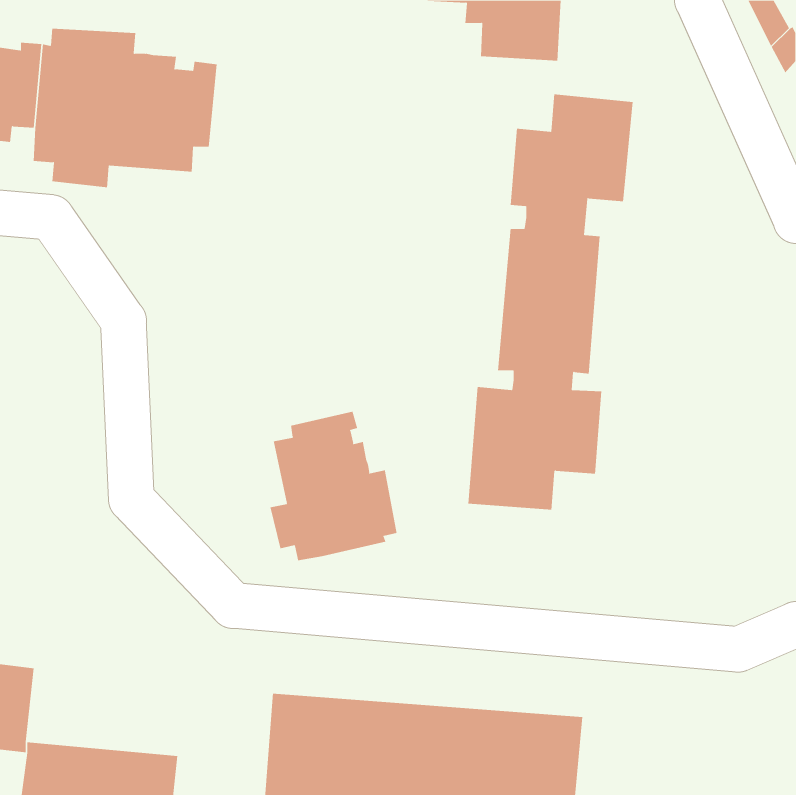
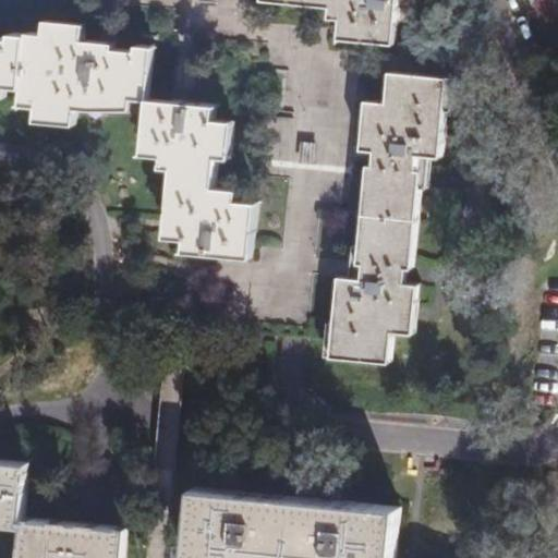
building: none -> [142,106,254,264]
building: [270,411,397,561] -> none

